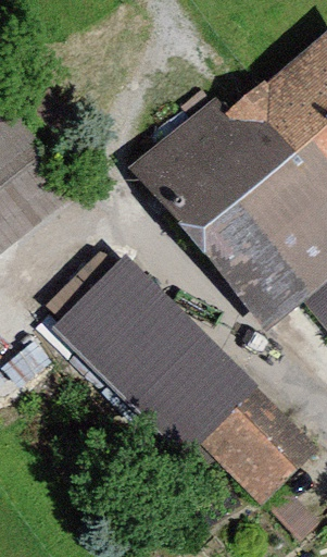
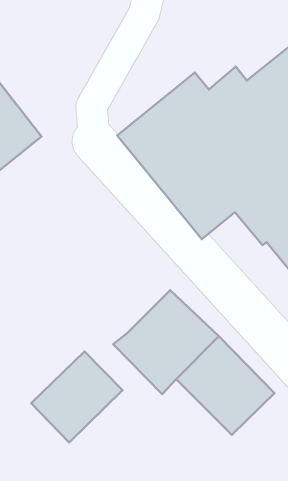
building: [75,253,193,382] -> none
building: none -> [31,352,122,443]

